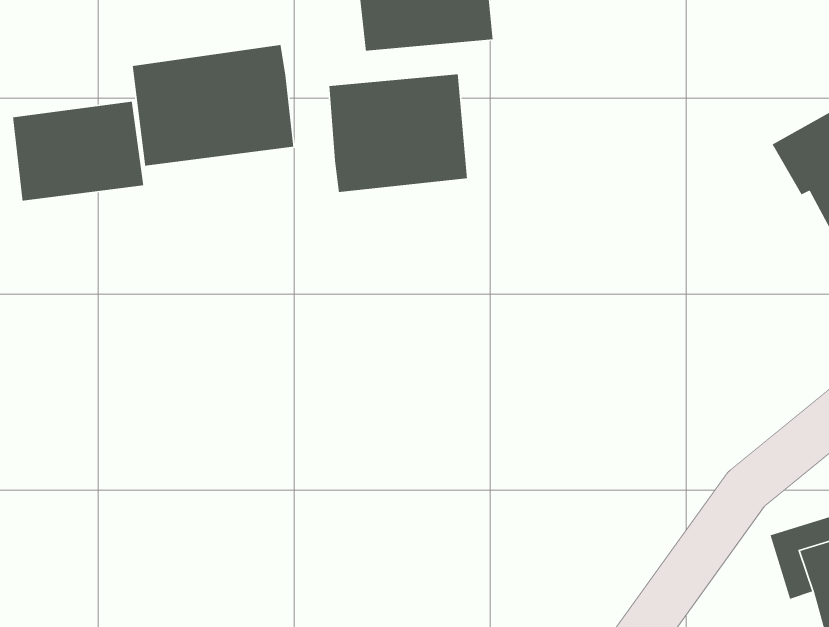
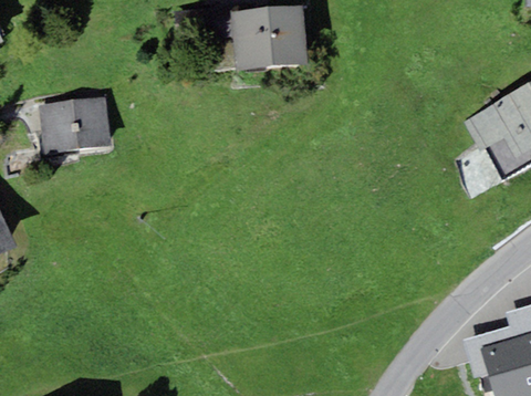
building: [132,44,294,167] -> none
building: [329,74,468,193] -> none

